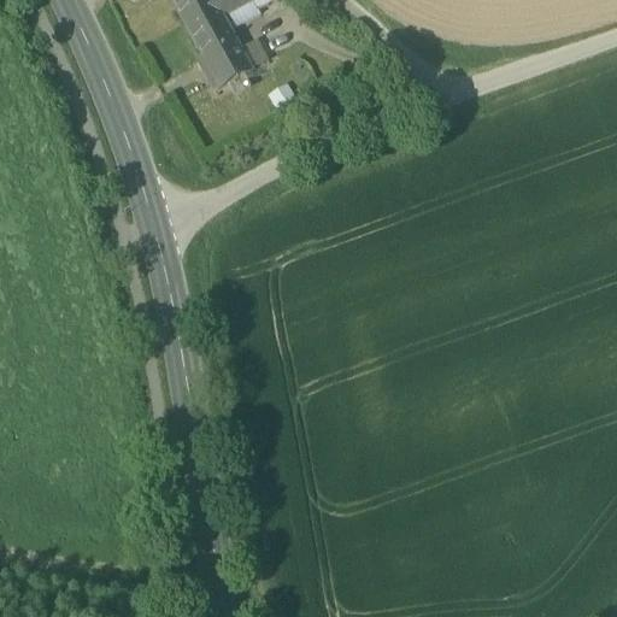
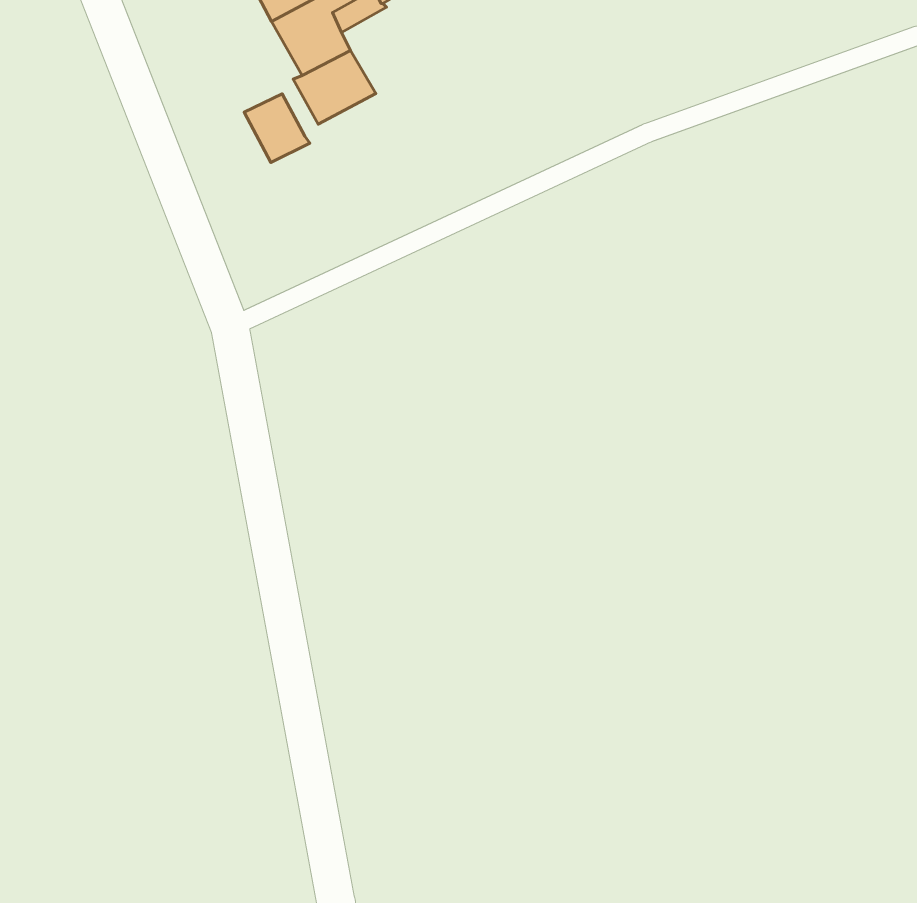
building: none -> [244,94,310,163]

